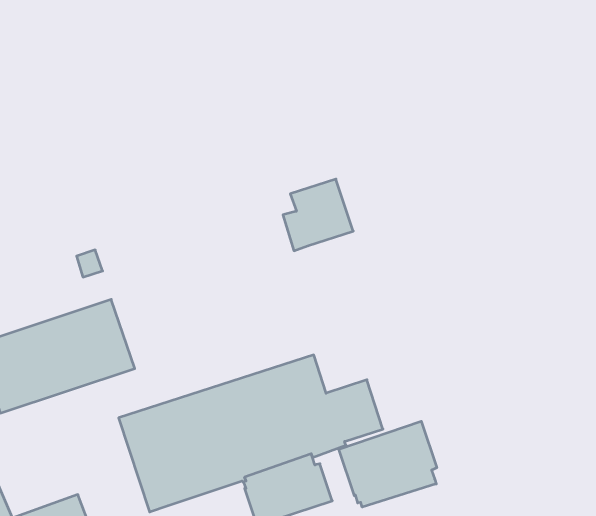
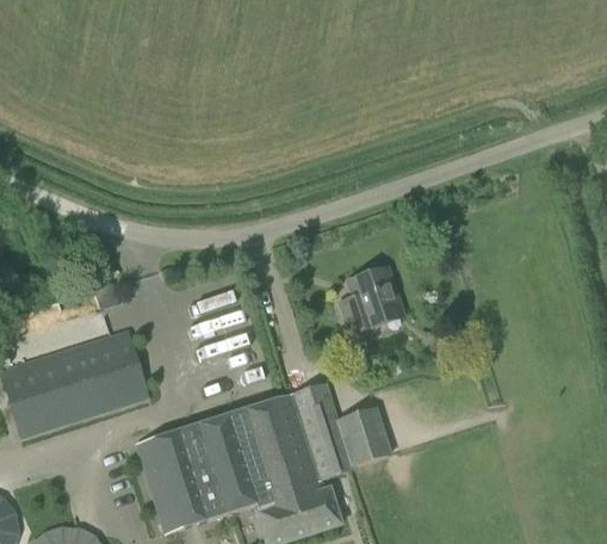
building: [283,179,353,251] -> [336,265,404,334]
building: [339,421,437,507] -> none

